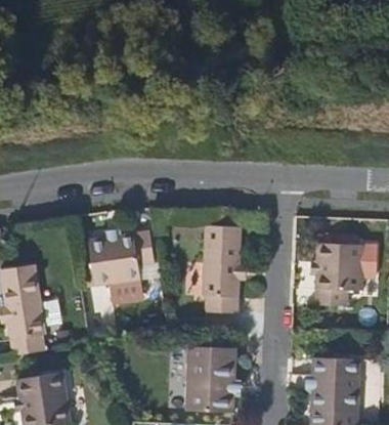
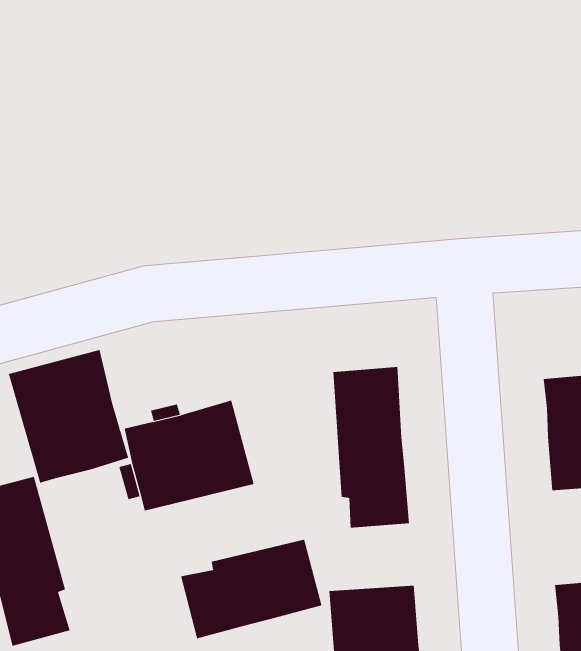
building: none -> [8,349,129,483]
building: none -> [181,539,322,639]

